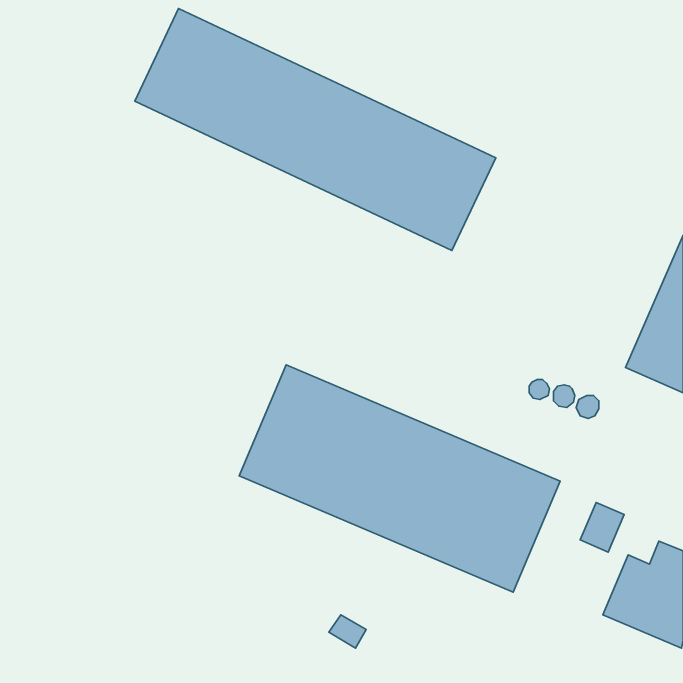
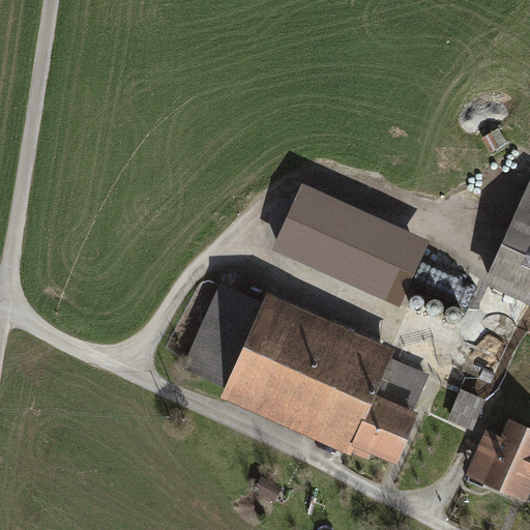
building: [135,9,496,251] -> none
building: none -> [274,185,428,307]

